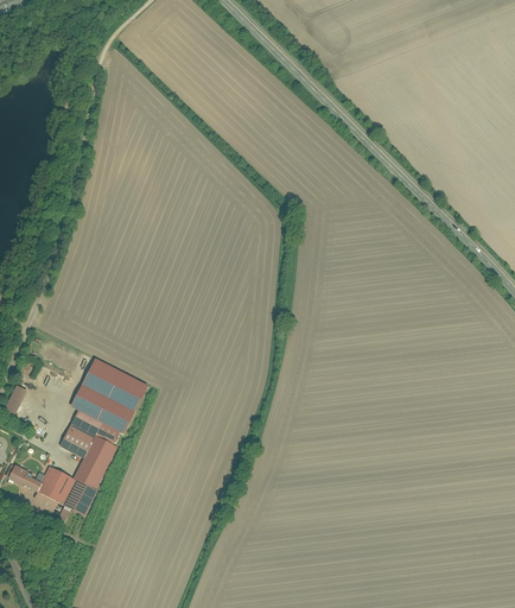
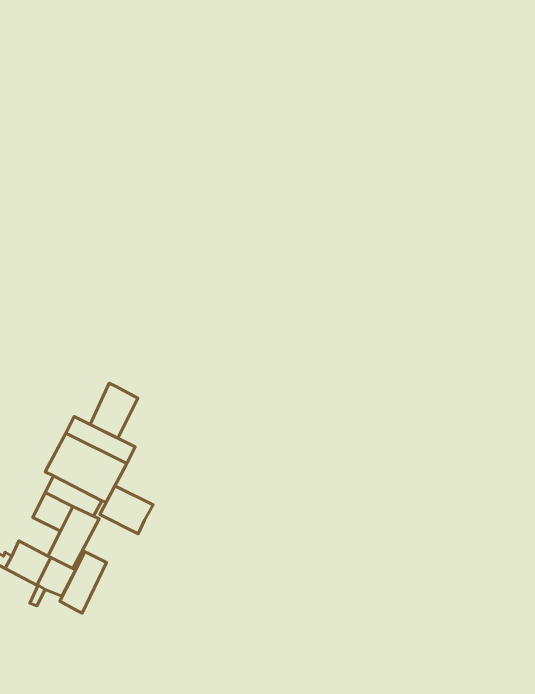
building: none -> [90,383,138,438]
building: none -> [100,486,153,534]
building: none -> [60,552,106,613]

